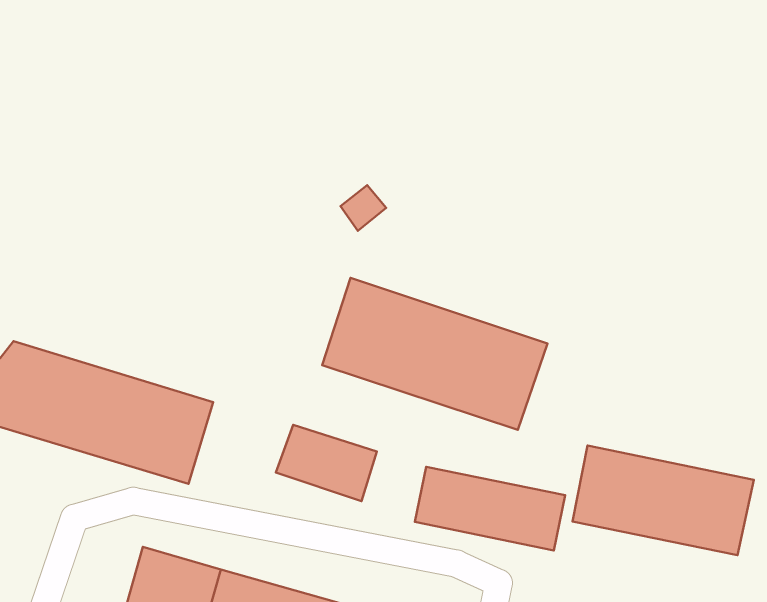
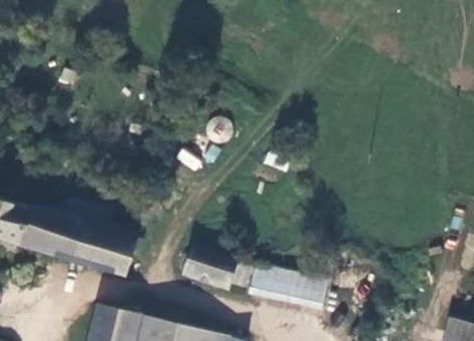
building: [322,278,547,430] -> none
building: [573,446,754,555] -> none

